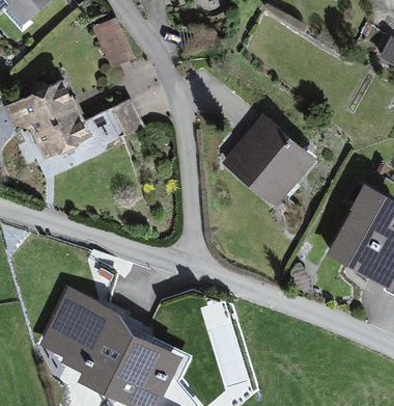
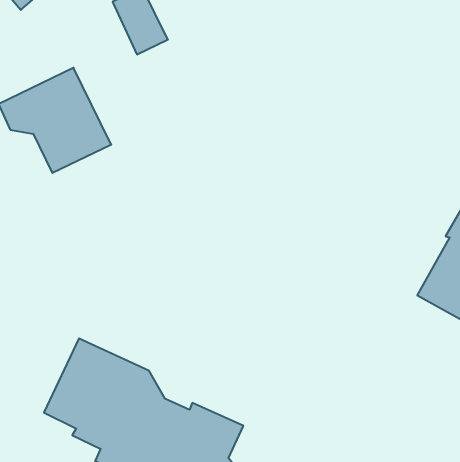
building: [83,99,144,151] -> none
building: [222,114,316,208] -> none

